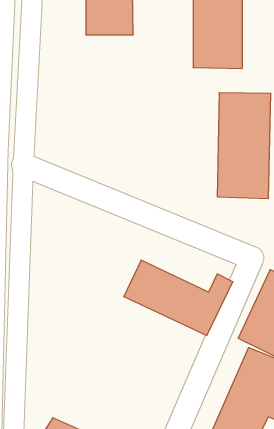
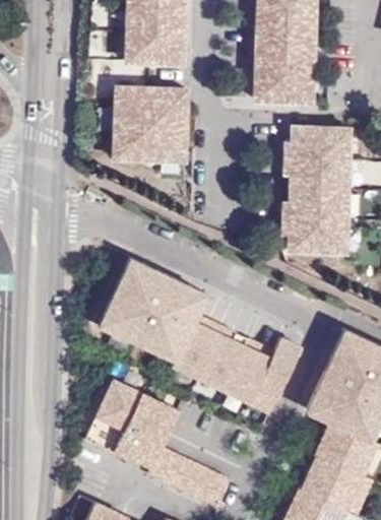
building: none -> [118,89,185,155]
building: none -> [99,261,202,359]
building: none -> [82,376,176,466]
building: none -> [149,449,231,508]

